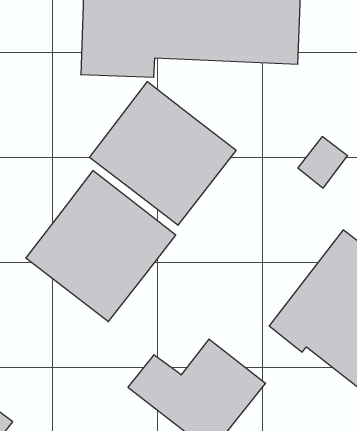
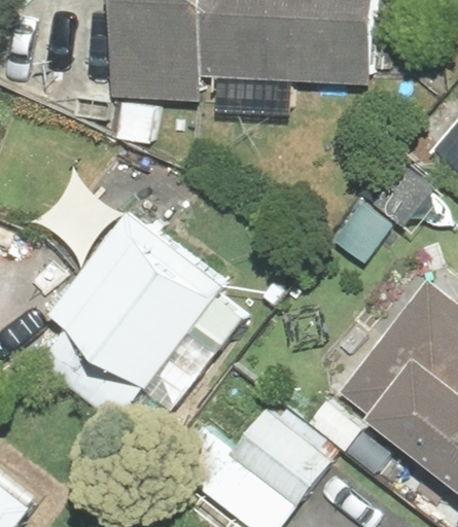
building: [90,82,236,225] -> none

